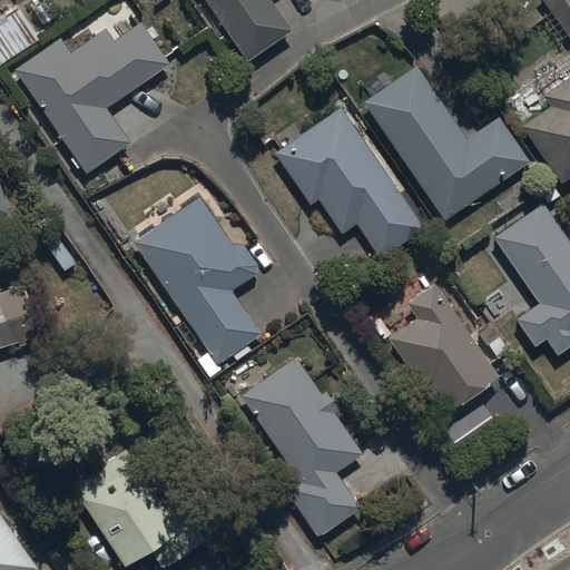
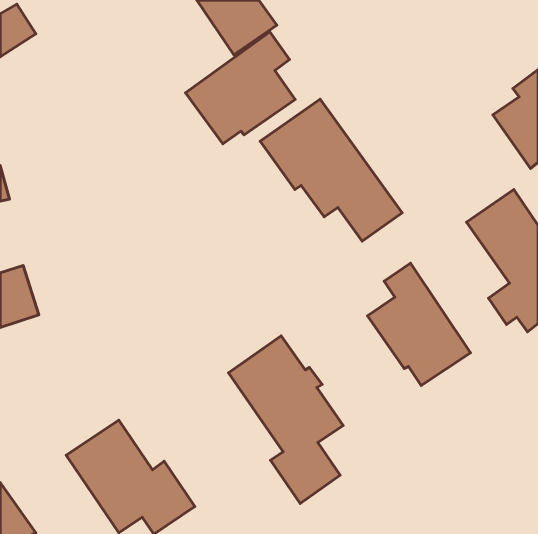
building: [16,22,169,171] -> none
building: none -> [186,32,295,144]
building: [363,66,530,222] -> none
building: [135,197,264,375] -> none

